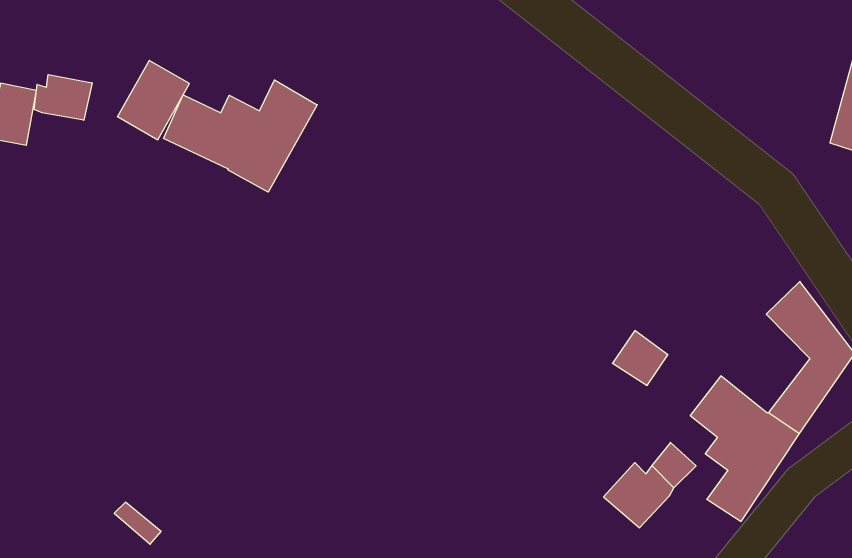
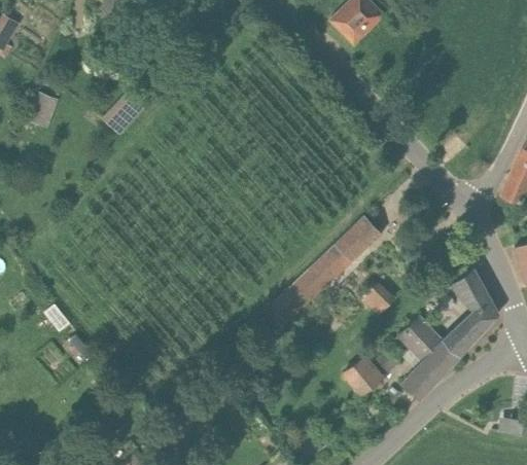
building: [34,75,92,120] -> none
building: [164,80,317,192] -> none
building: none -> [270,217,379,323]

